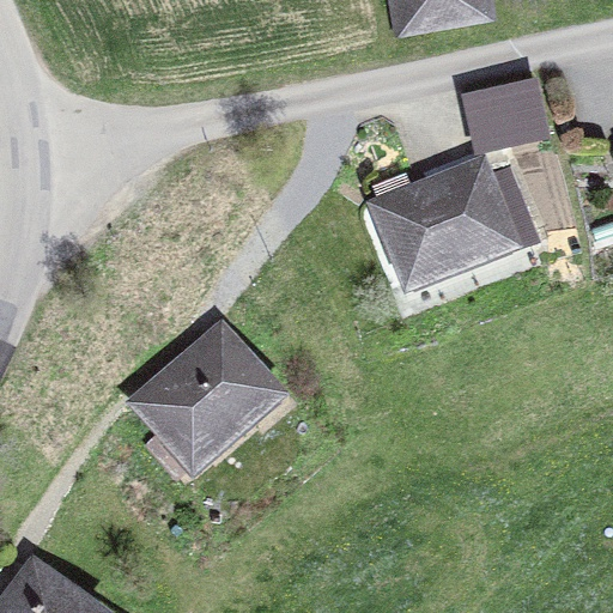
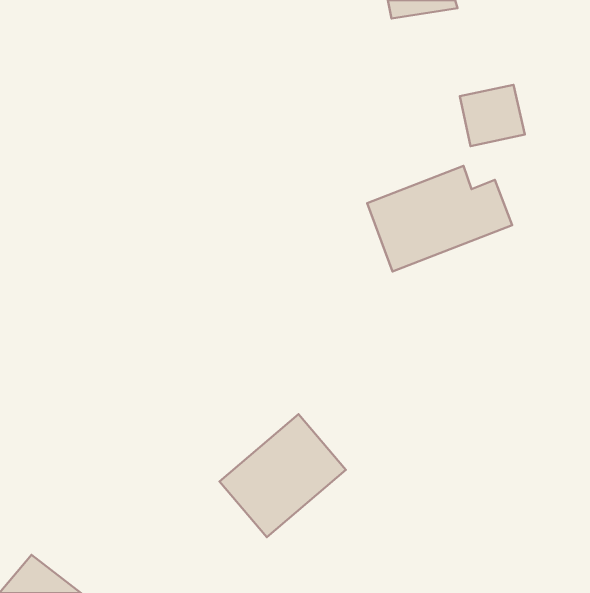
building: [140,335,271,462] -> [219,414,346,537]

